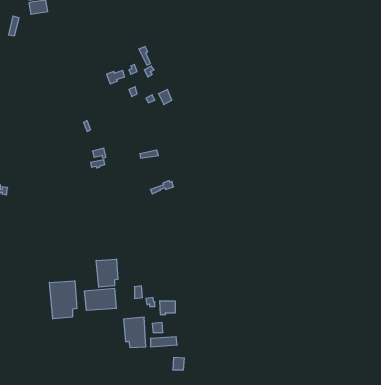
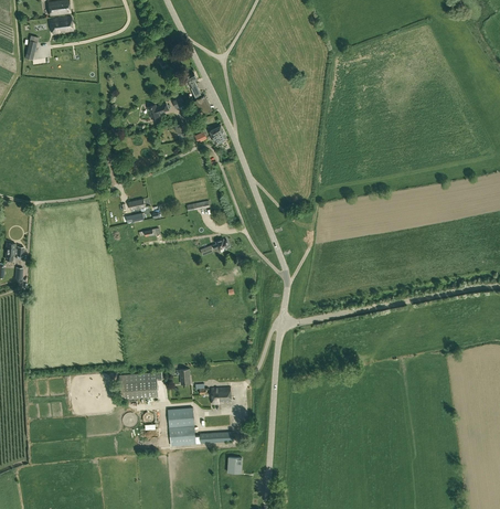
building: [96,259,118,287] -> none
building: [50,281,77,319] -> none

